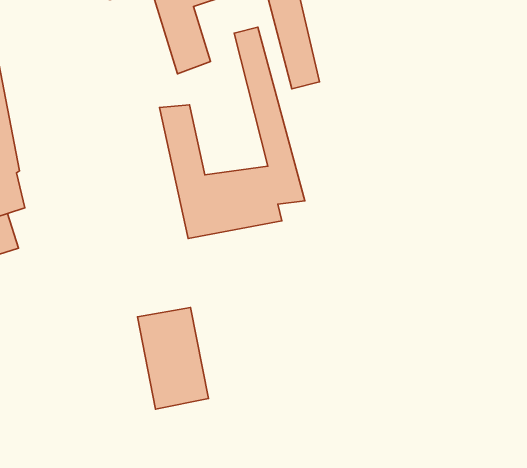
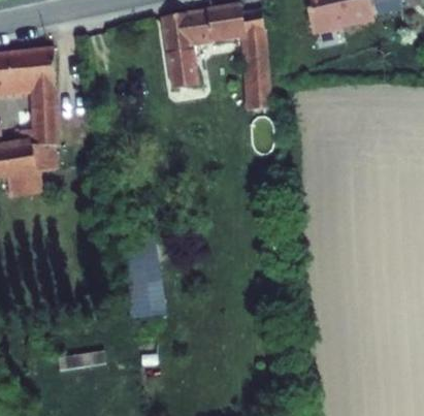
building: [159,27,305,238] -> none

